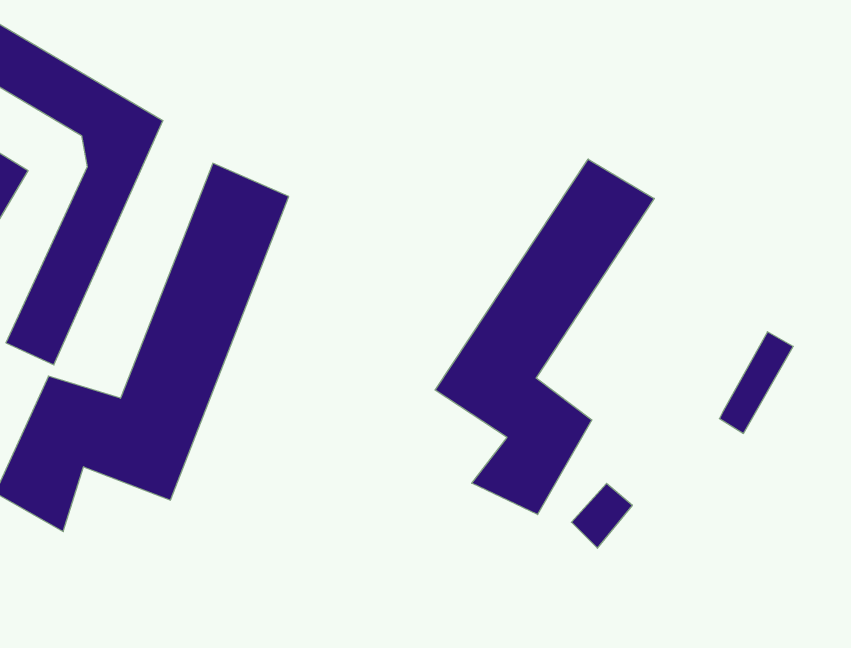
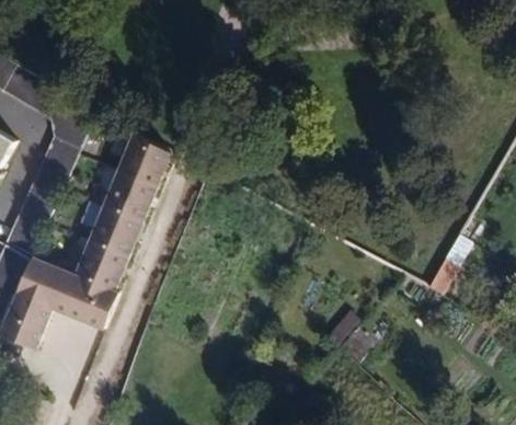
building: [435,159,654,515] -> none

